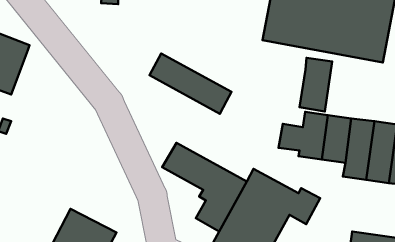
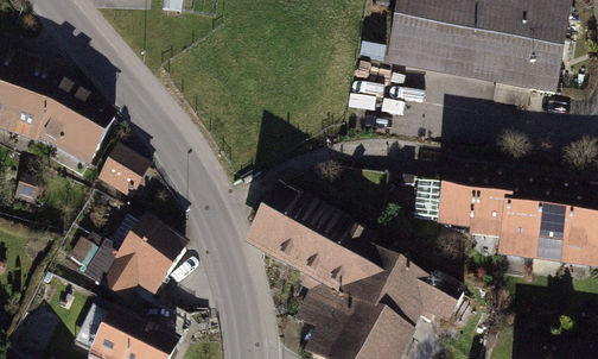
building: none -> [33,76,116,172]
building: [150,53,231,114] -> [266,177,382,263]
building: [299,58,332,112] -> none
building: none -> [95,144,154,202]
building: none -> [63,212,187,298]

